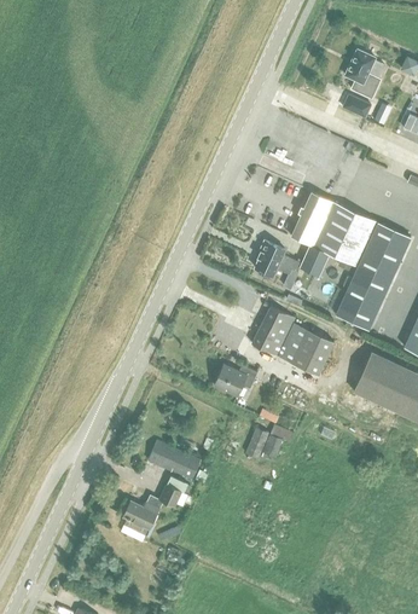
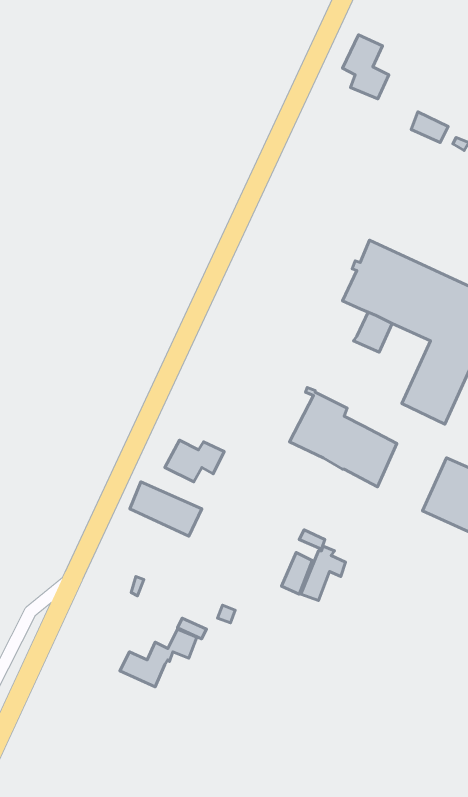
building: [346,50,381,98] -> [342,35,389,99]
building: [255,241,302,277] -> none
building: [213,363,257,394] -> [165,440,224,482]
building: [147,439,202,480] -> [130,482,202,536]

